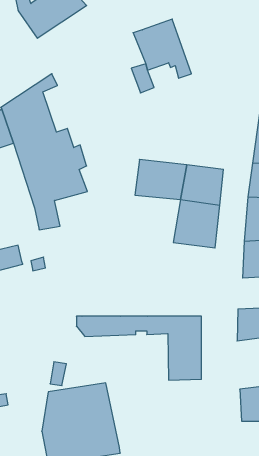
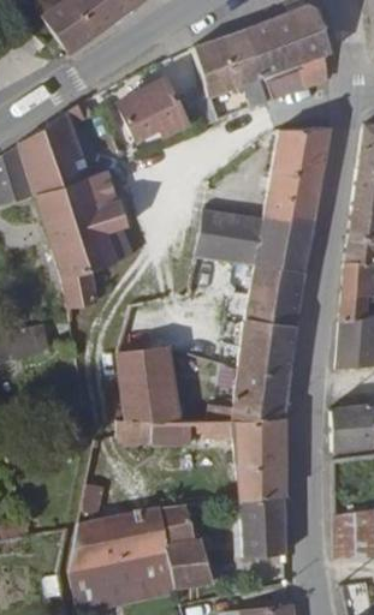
building: none -> [244,8,331,100]
building: none -> [118,76,186,137]
building: none -> [263,127,328,226]
building: none -> [212,322,301,419]
building: none -> [120,350,176,419]
building: none -> [239,502,285,560]
building: none -> [156,506,210,592]

